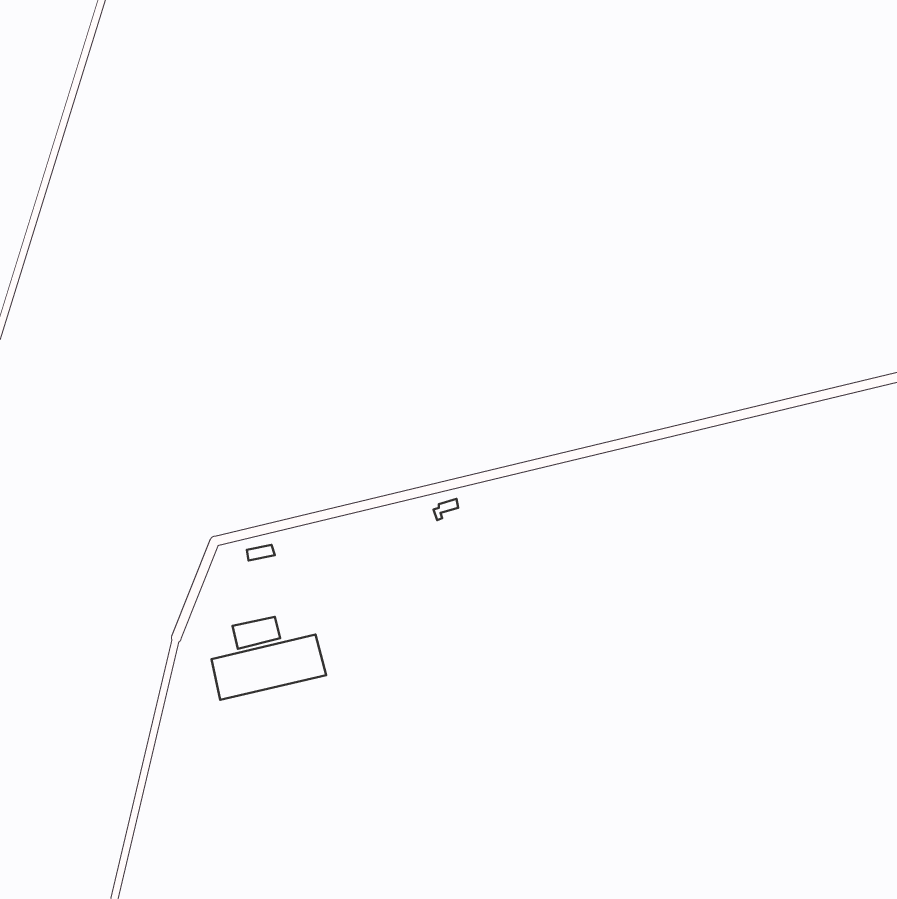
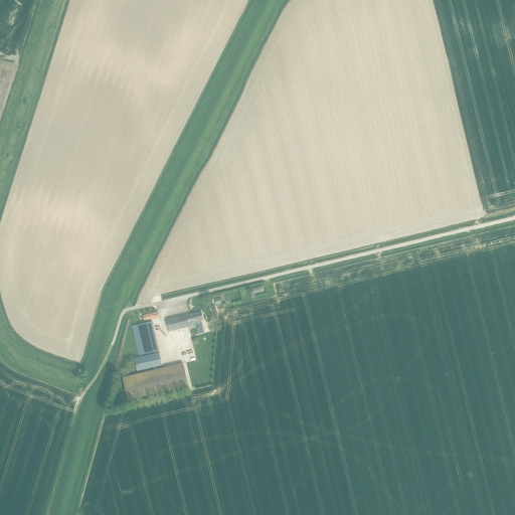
building: none -> [164,310,202,333]
building: none -> [135,320,157,354]

